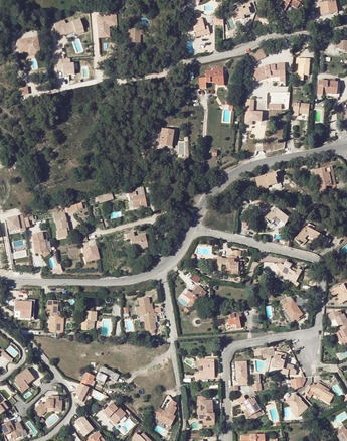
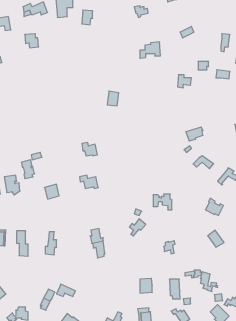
building: [252,63,285,82] -> none

